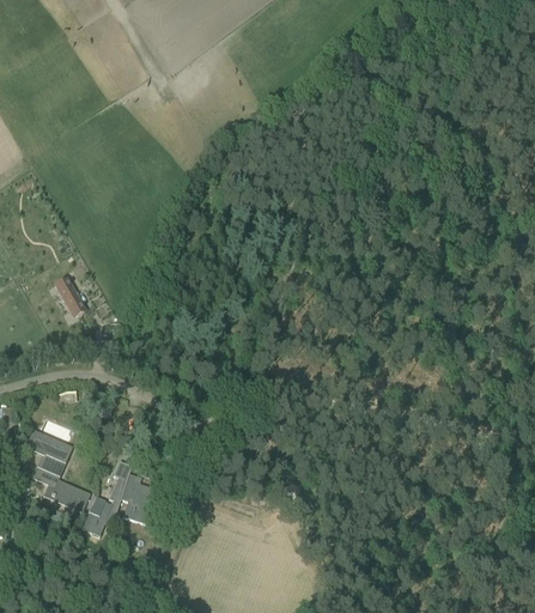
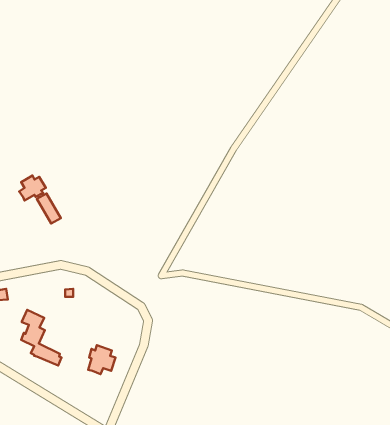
building: none -> [19,176,46,200]
building: [83,460,132,534] -> none

